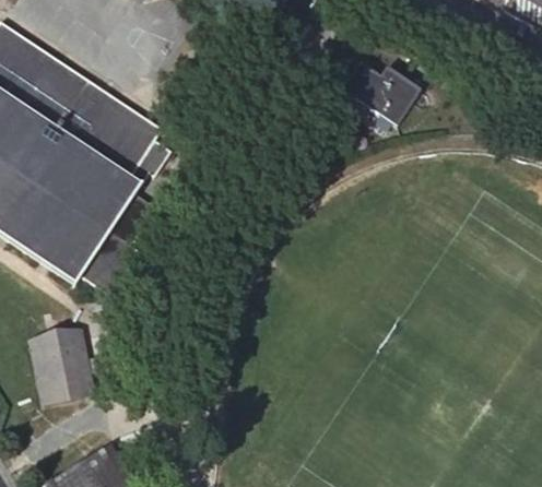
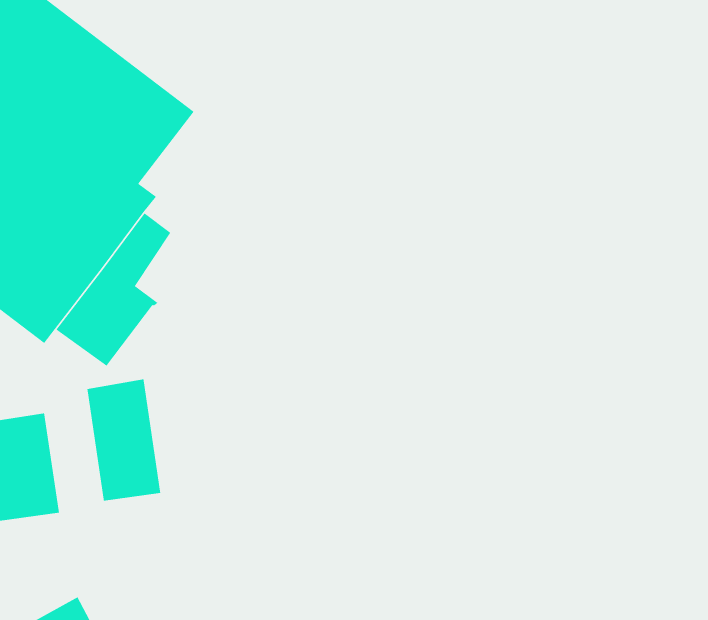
building: [327,61,419,124] -> none
building: none -> [87,379,161,502]

